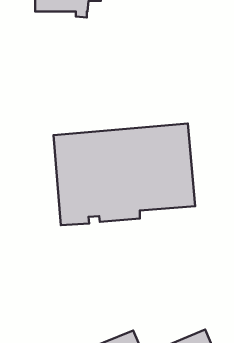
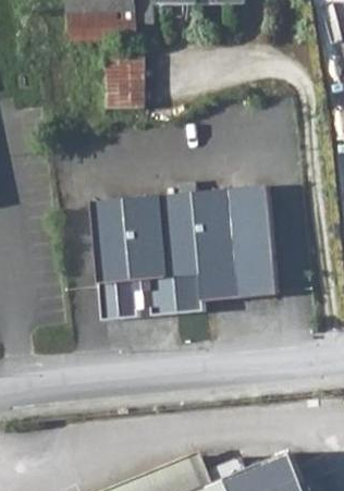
building: none -> [105,58,143,109]

